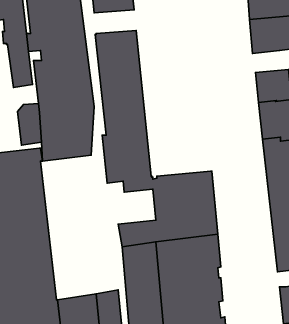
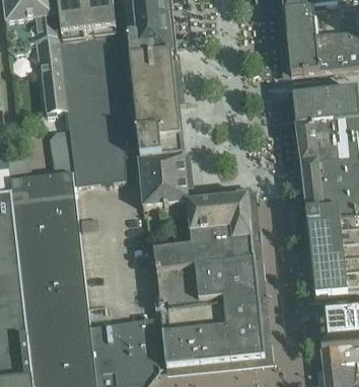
building: none -> [128,28,170,53]

